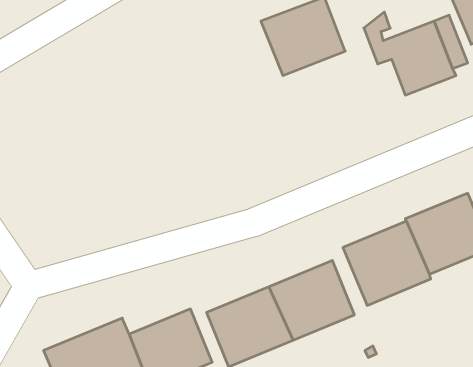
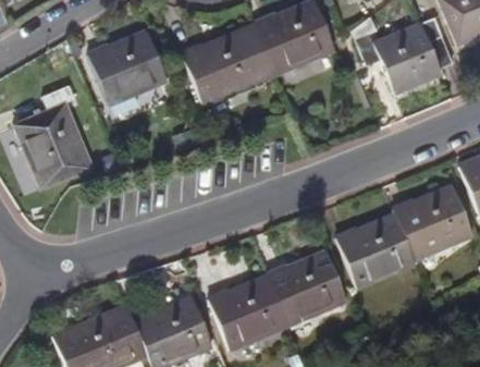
building: none -> [182,24,276,105]
building: none -> [88,32,168,106]
building: none -> [16,83,91,186]

